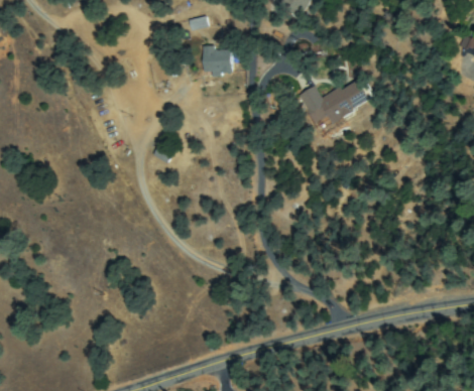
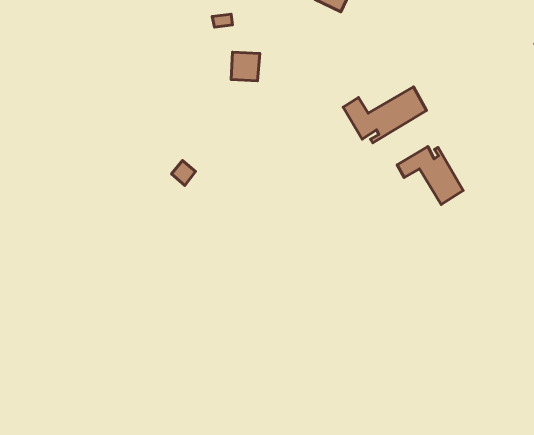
building: none -> [397,147,463,204]

